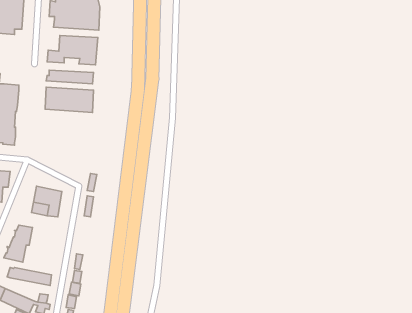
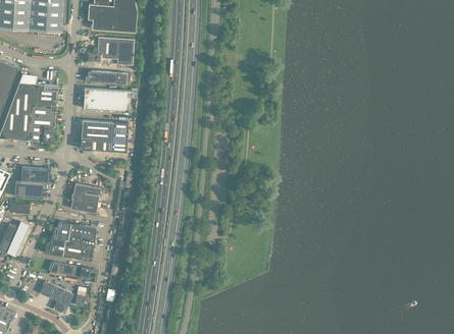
building: none -> [80,120,129,152]
building: none -> [62,223,97,262]

